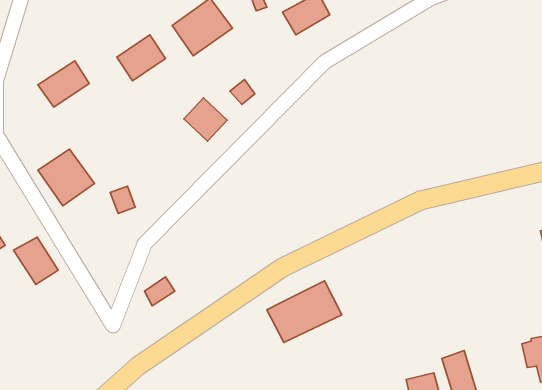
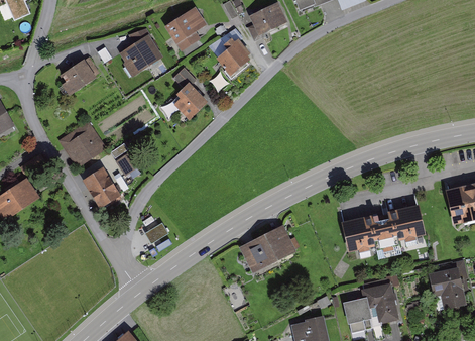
building: none -> [217,41,250,76]
building: [13,237,58,285] -> [84,172,118,208]
building: none -> [343,204,424,250]

